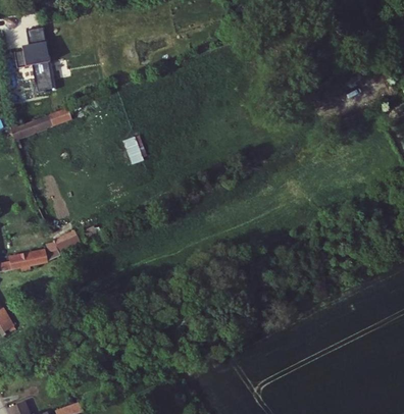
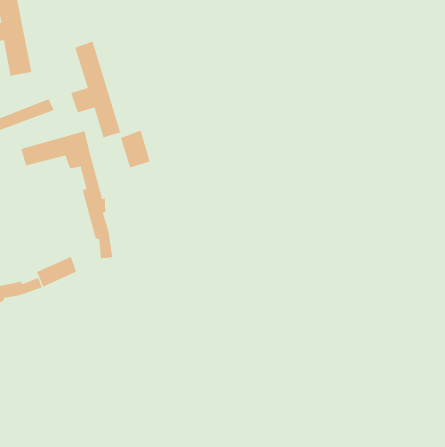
building: none -> [70,41,121,138]
building: none -> [20,131,113,259]

